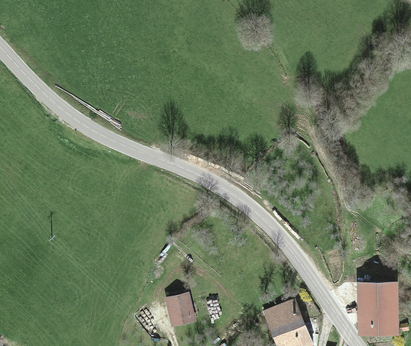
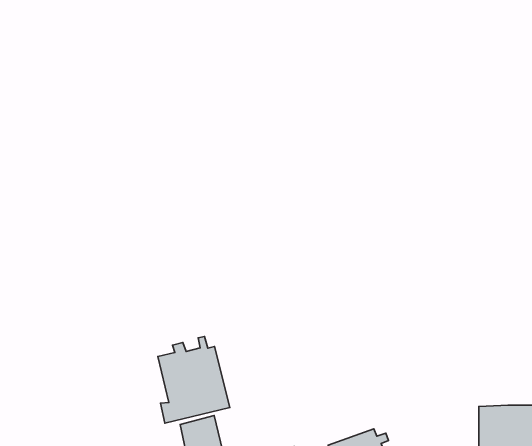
building: none -> [158,336,230,423]

